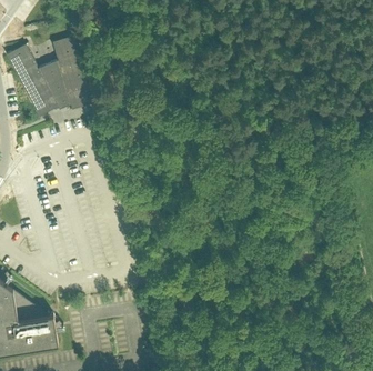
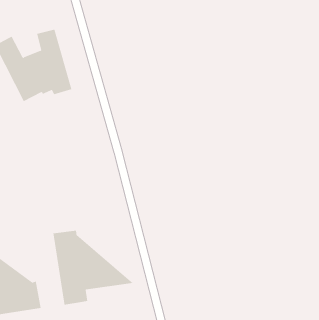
building: none -> [53,230,134,306]

